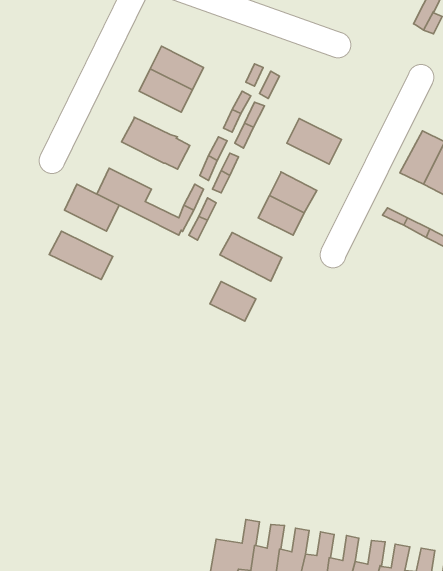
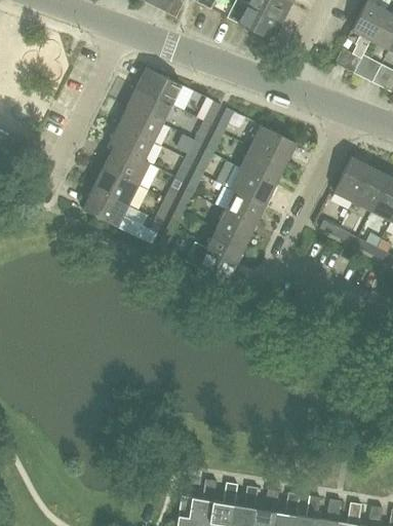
building: none -> [135,68,181,105]
building: none -> [108,124,152,160]
building: none -> [249,125,296,164]
building: none -> [229,167,274,206]
building: [64,184,119,231] -> [92,166,137,205]
building: [49,231,113,279] -> none
building: [210,282,256,321] -> [206,229,244,262]

